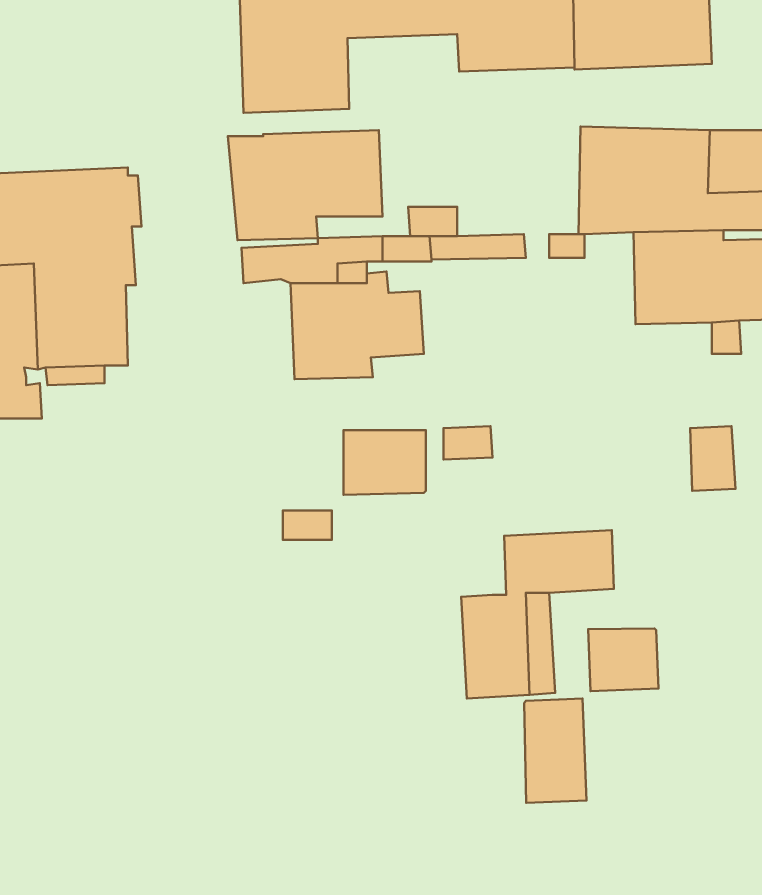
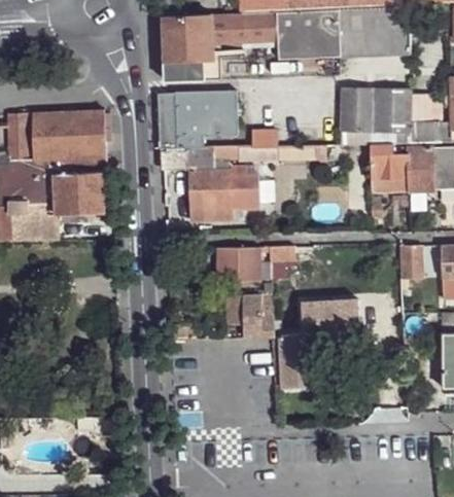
building: none -> [240,294,273,336]
building: [588,628,658,691] -> none
building: [524,699,586,803] -> none

